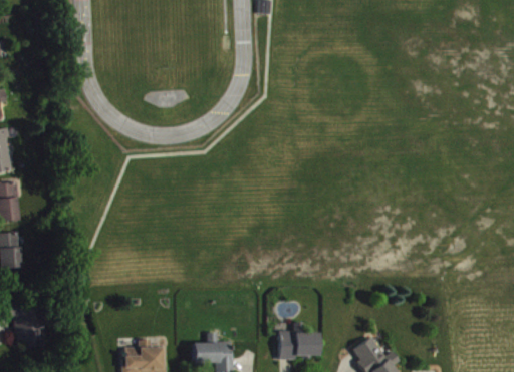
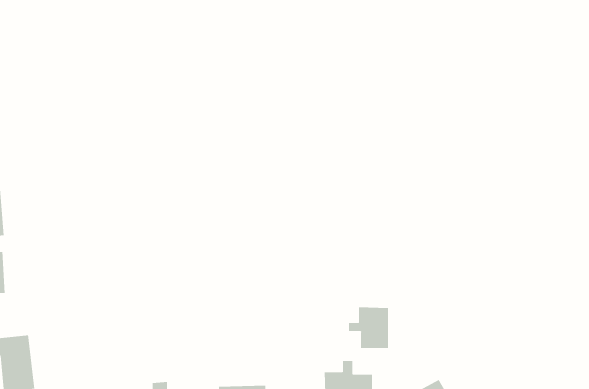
building: none -> [348,306,388,349]

